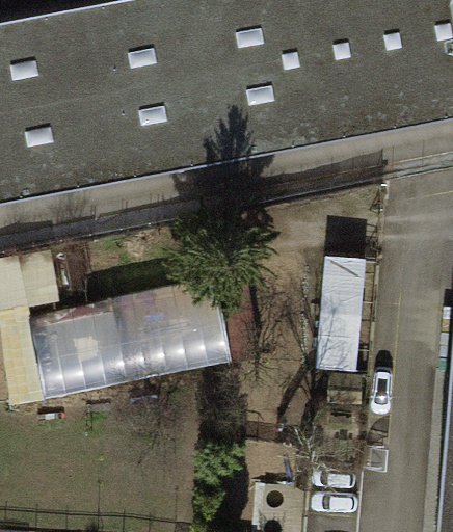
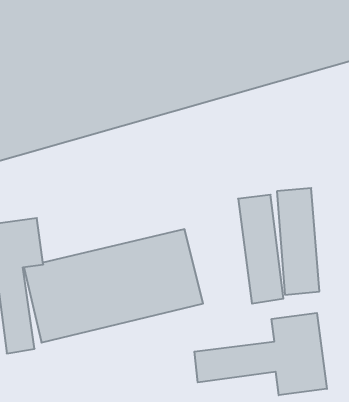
building: none -> [194,313,327,395]

